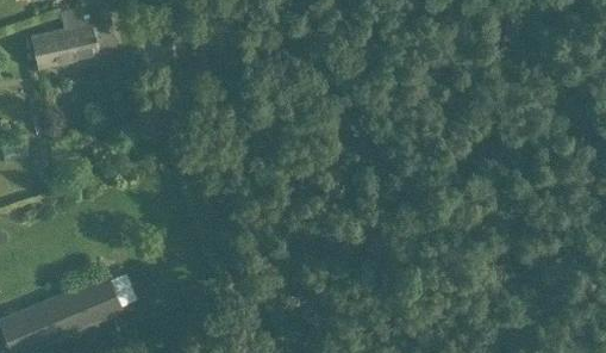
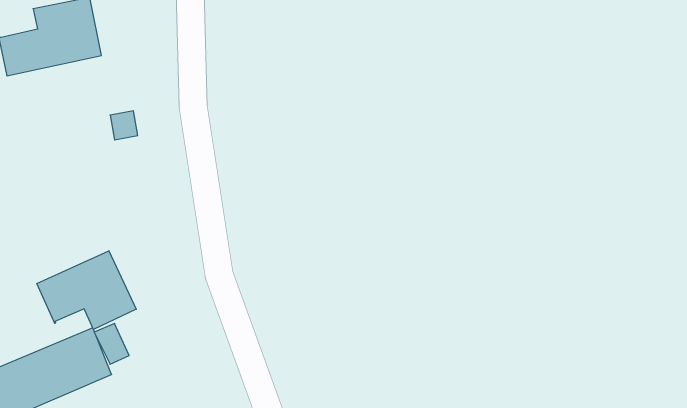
building: none -> [37,251,136,329]

